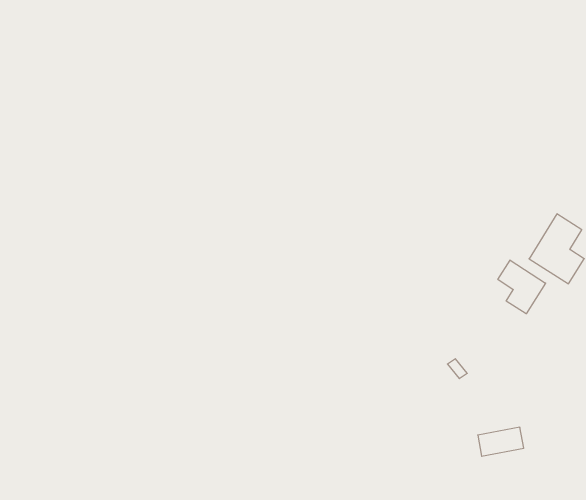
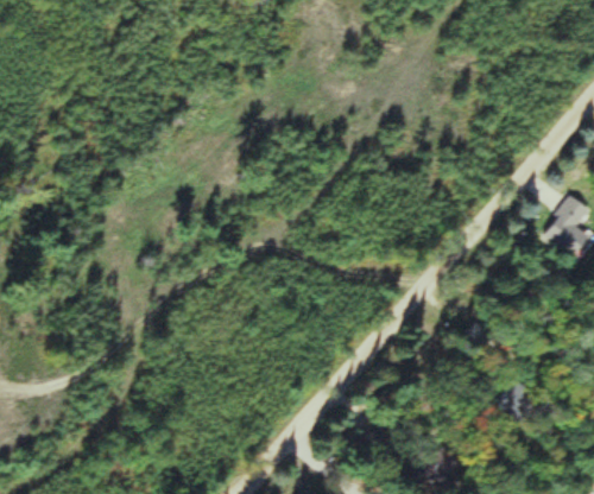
building: [498,260,546,314] -> none

